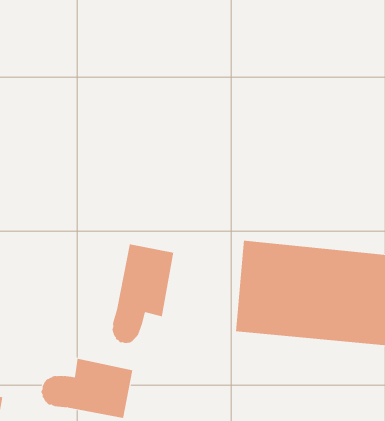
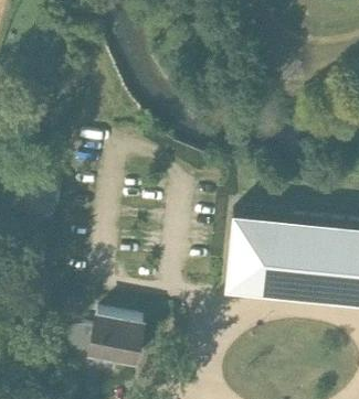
building: [112,243,174,344] -> none

